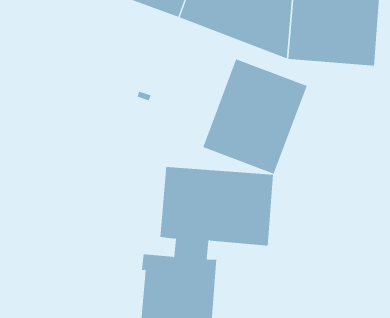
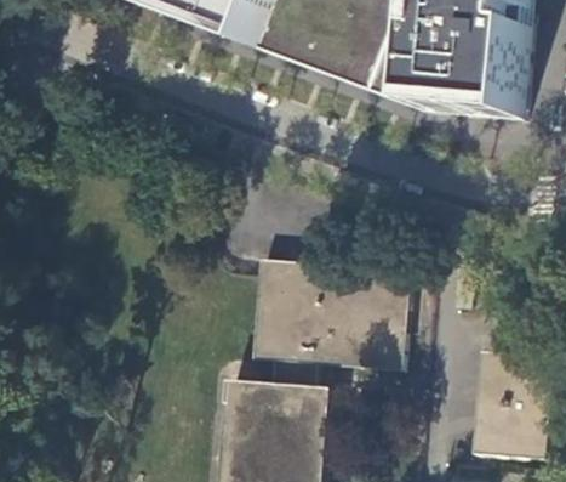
building: [202,58,307,175] -> none
building: none -> [470,351,550,459]

